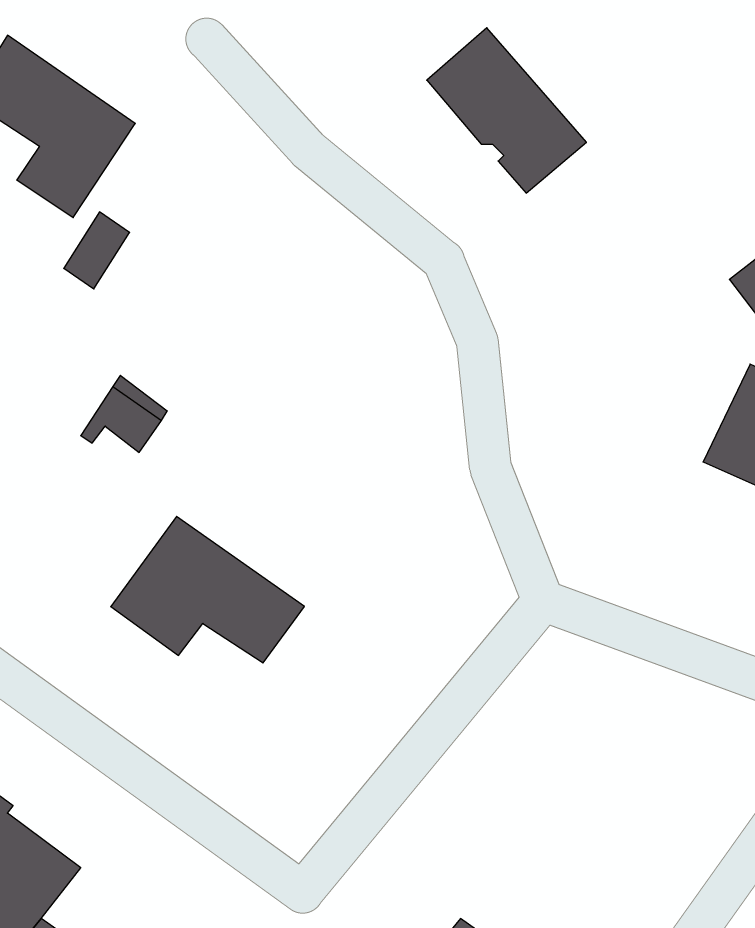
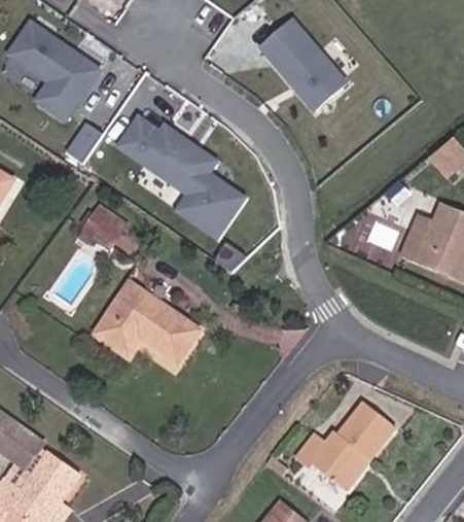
building: none -> [121,116,247,236]
building: none -> [296,407,398,490]

